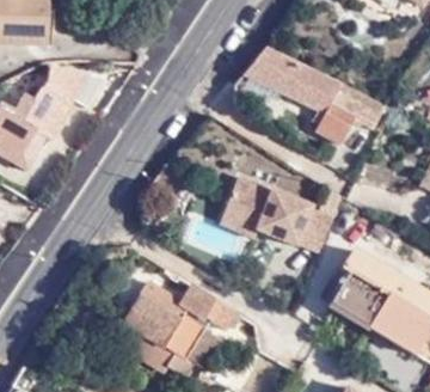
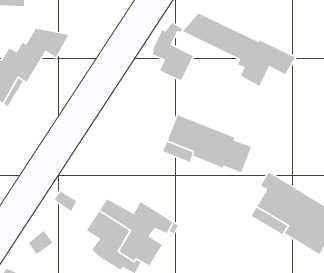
building: none -> [152,22,194,81]

